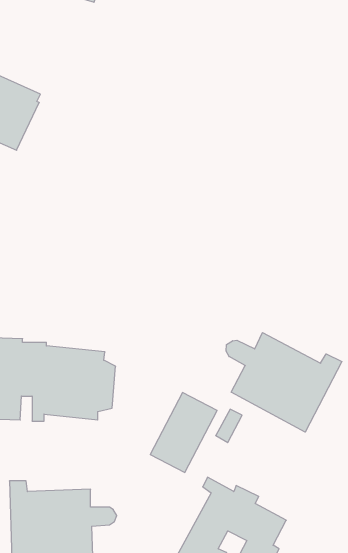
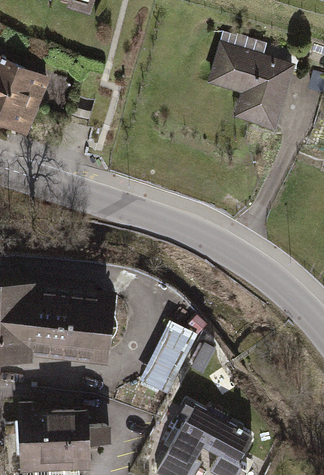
building: none -> [210,45,291,126]
building: [226,333,342,432] -> none

